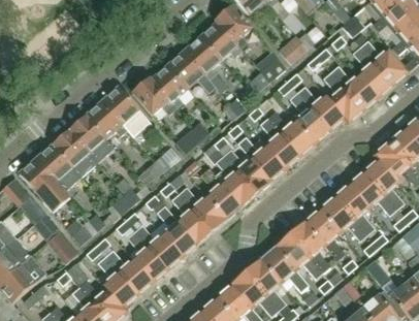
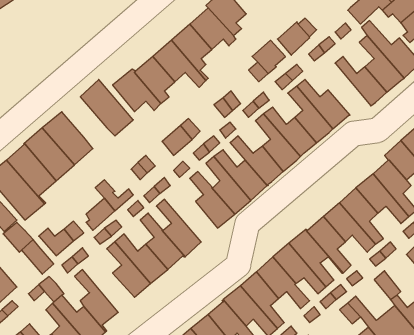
building: [323,72,362,124] -> none
building: [86,102,126,138] -> none
building: [178,188,225,232] -> none
building: [104,251,151,295] -> none

